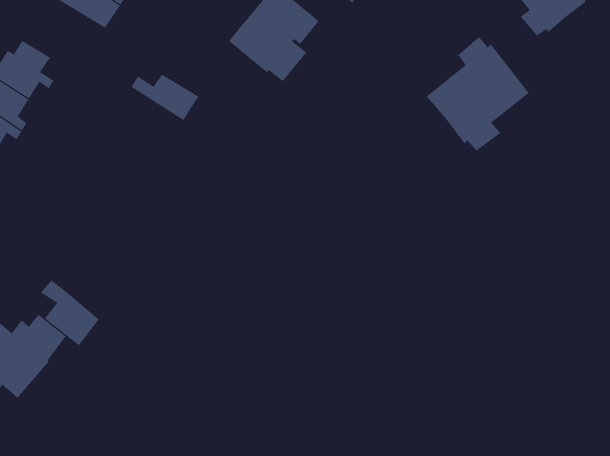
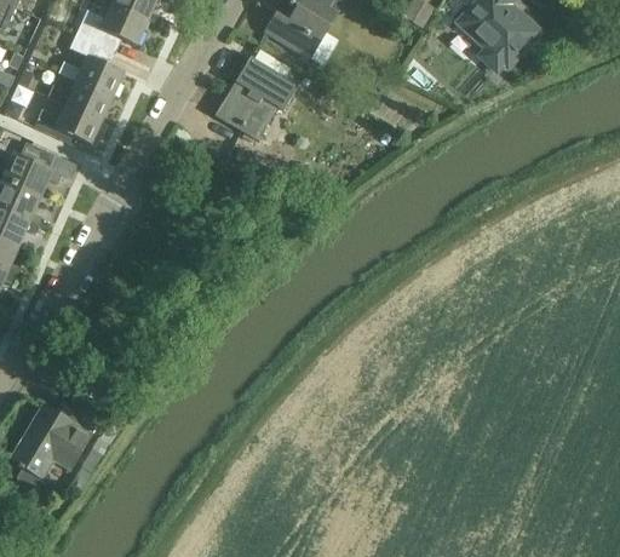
building: [426,36,530,152] -> none
building: [130,74,199,121] -> [36,103,101,143]
building: [40,279,100,346] -> none

